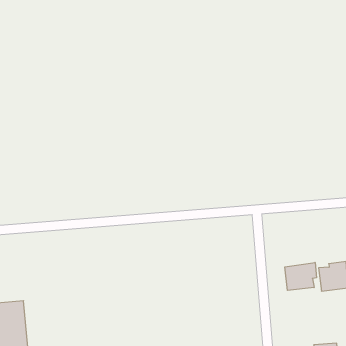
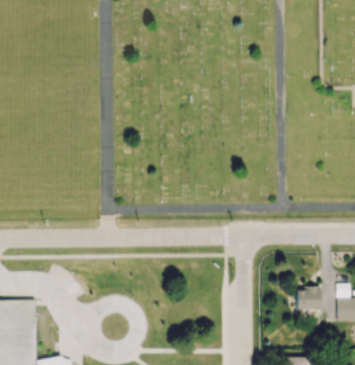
building: [285,262,316,290] -> none

